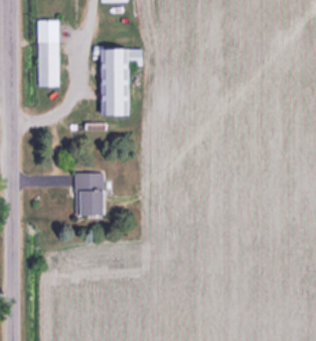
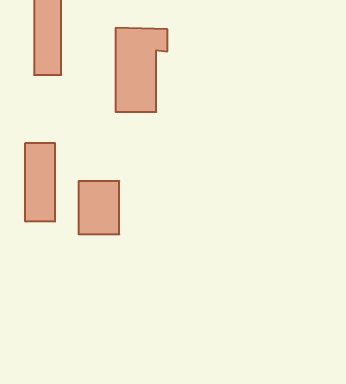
building: none -> [25,143,55,222]

